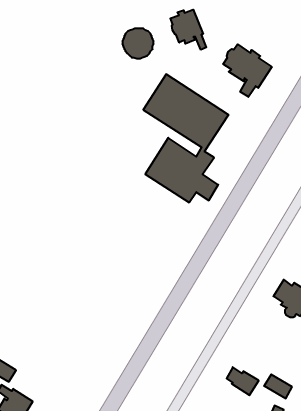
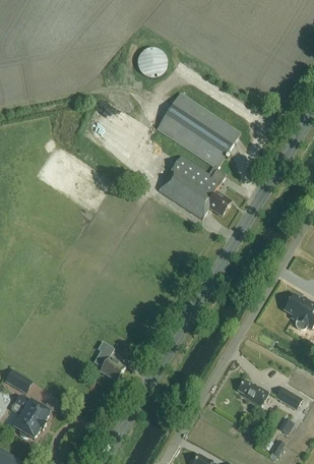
building: [170,10,206,50] -> none
building: [223,44,272,97] -> none
building: none -> [92,341,124,380]

